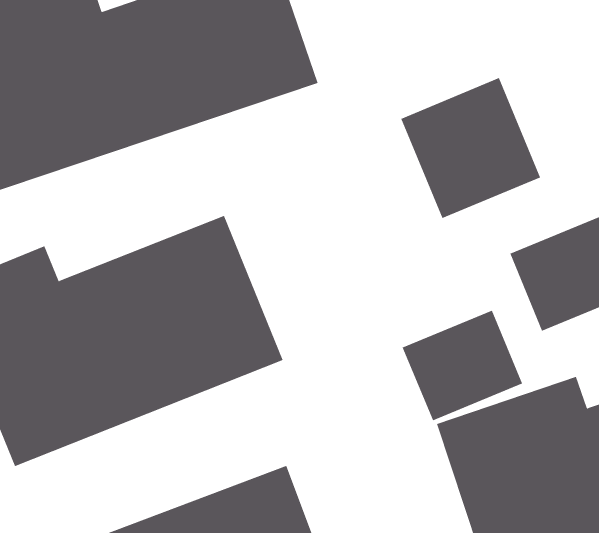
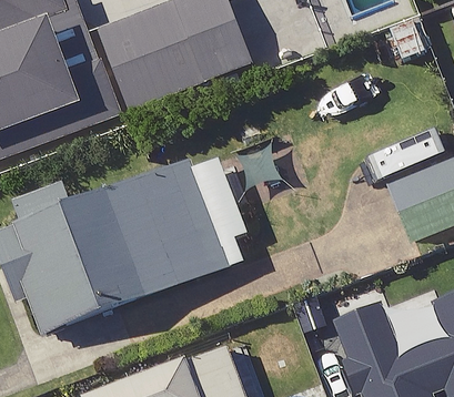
building: [401,77,541,219] -> none
building: [402,310,523,421] -> none

